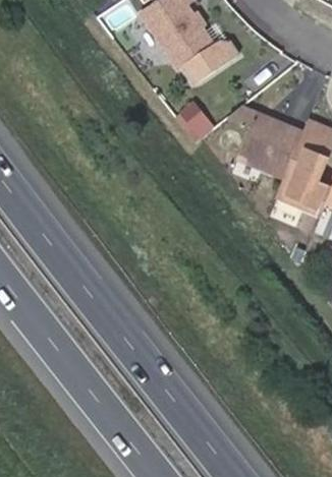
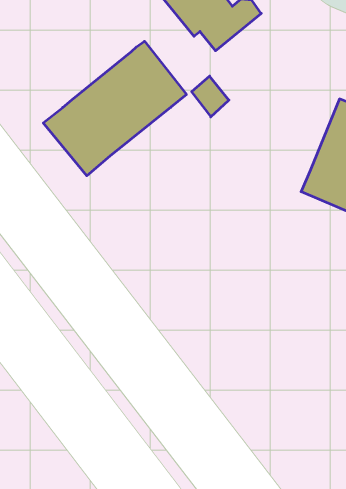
building: none -> [43,41,186,176]
building: [229,108,302,179] -> none

